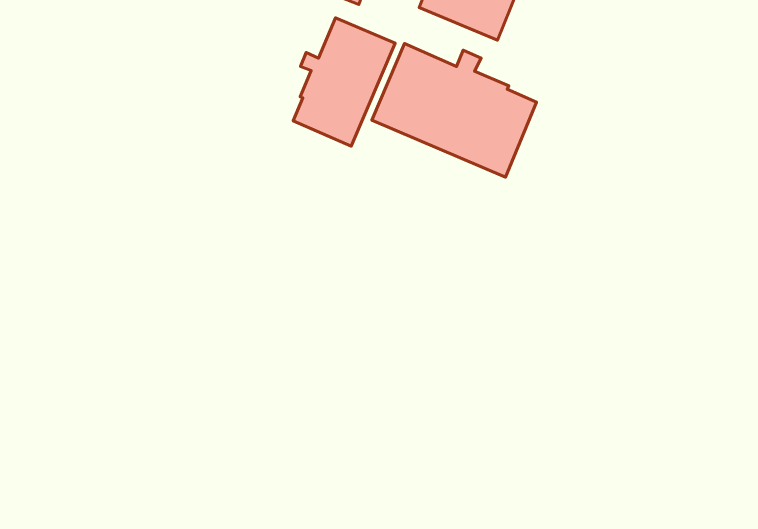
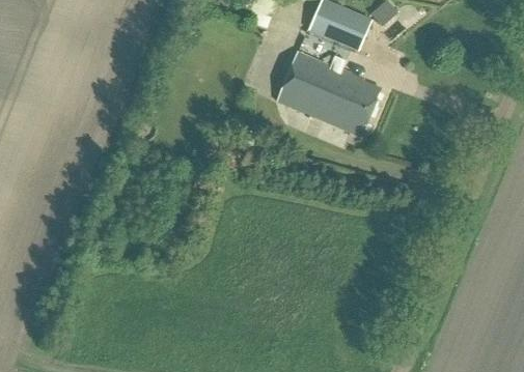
building: [293,18,395,146] -> none

